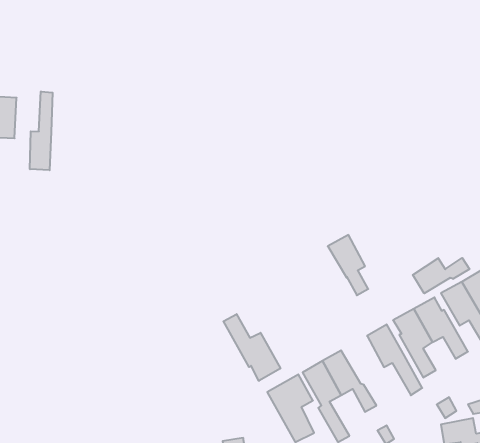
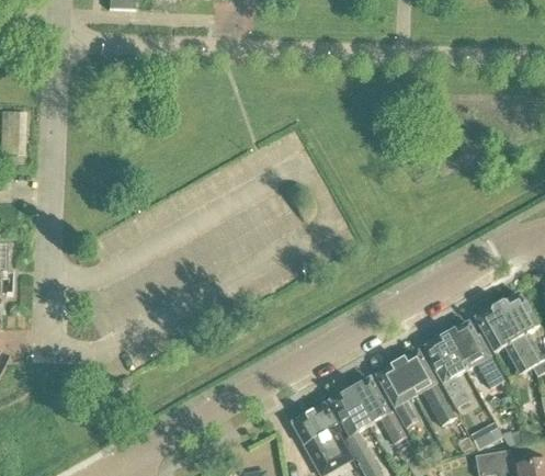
building: [30,91,53,170] -> none
building: [328,235,368,295] -> [374,362,417,426]
building: [413,258,469,293] -> none
building: [223,314,280,381] -> none

